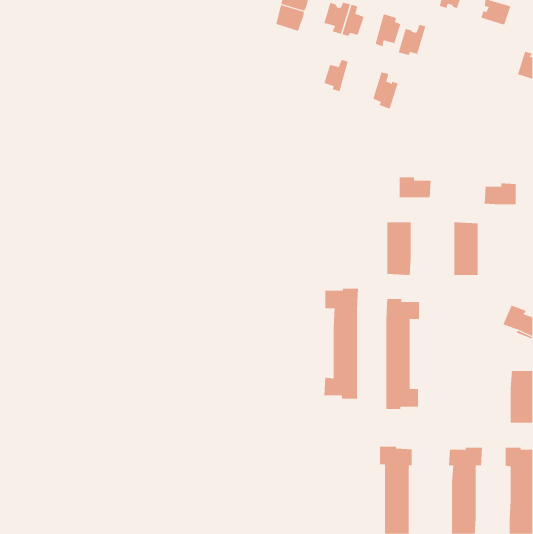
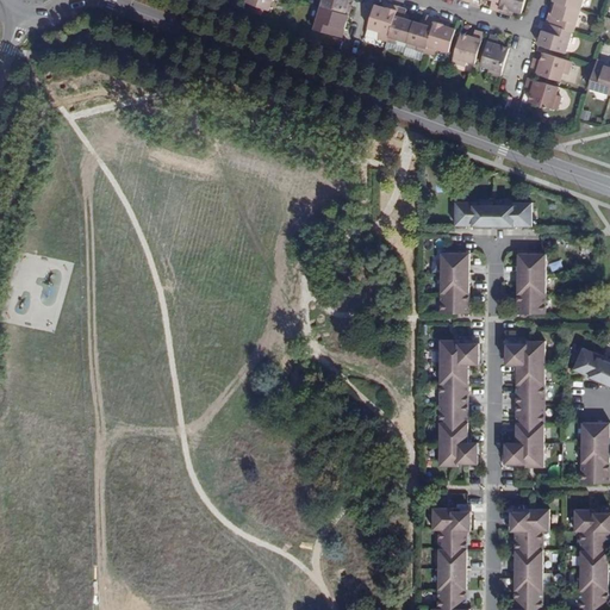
building: none -> [540,20,573,51]
building: none -> [530,51,573,80]
building: [323,59,349,92] -> [407,13,436,50]
building: none -> [525,75,562,107]
building: [372,72,399,109] -> [480,32,510,75]
building: [484,183,516,205] -> [493,201,530,226]
building: [323,288,359,399] -> [504,341,544,467]

